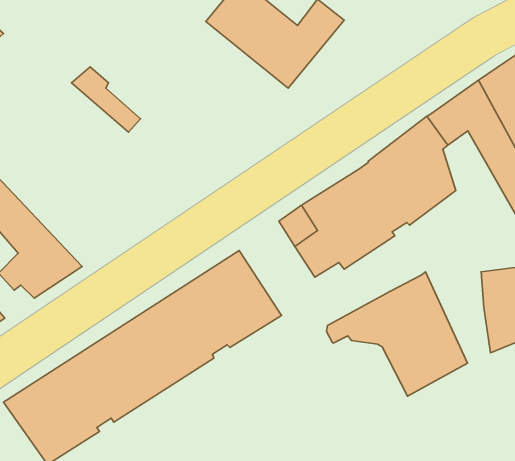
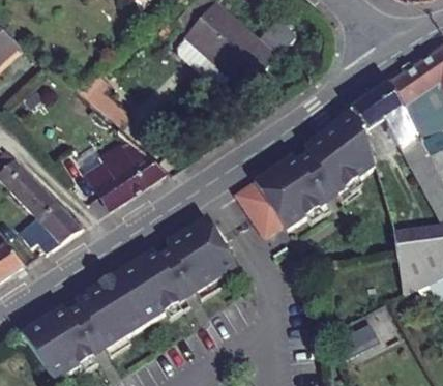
building: none -> [86,142,167,209]
building: [326,272,468,396] -> none

